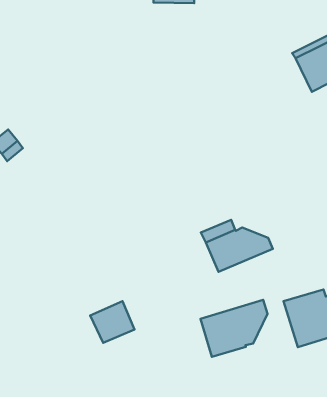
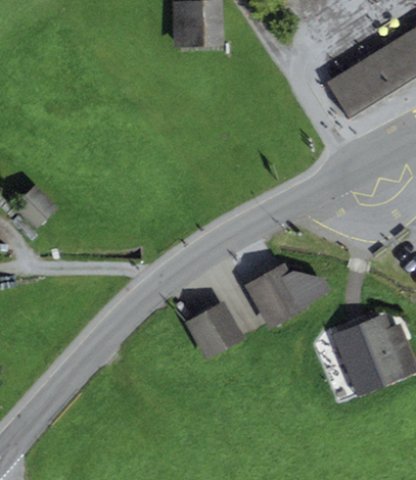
building: [201,300,267,357] -> none
building: [90,301,134,343] -> [190,306,238,352]

